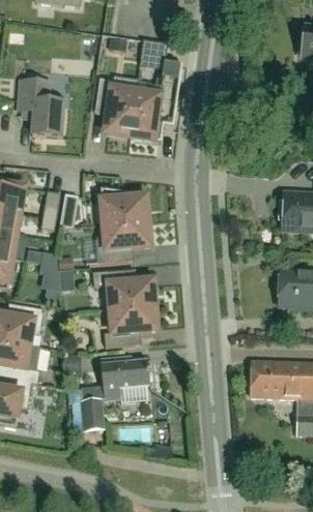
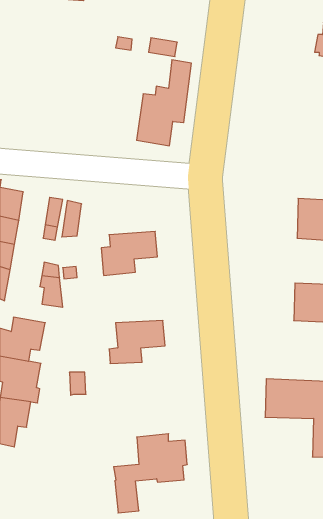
building: [18,78,63,137] -> none
building: [95,79,136,135] -> none
building: [101,188,147,224] -> none
building: [92,268,154,307] -> none
building: [80,355,149,429] -> [114,434,187,513]

